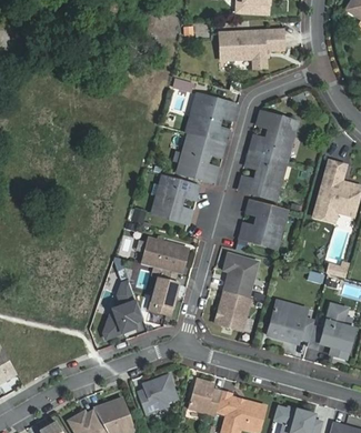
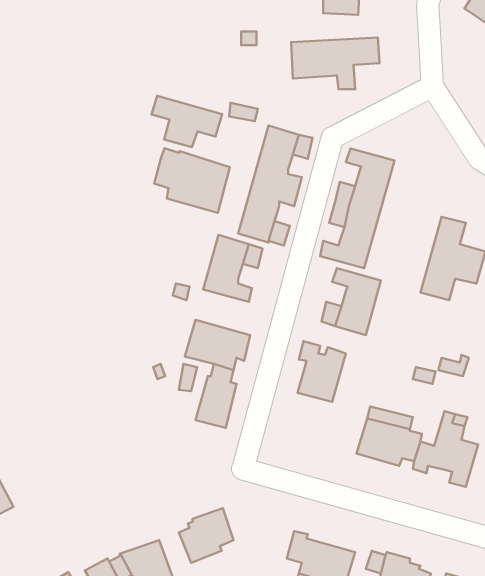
building: none -> [151,96,222,147]
building: none -> [154,148,230,213]
building: [103,281,143,338] -> none
building: [214,290,251,330] -> none
building: [188,377,221,414] -> none

